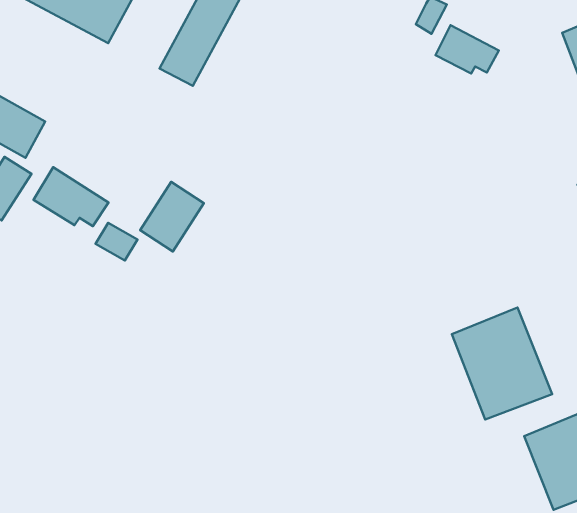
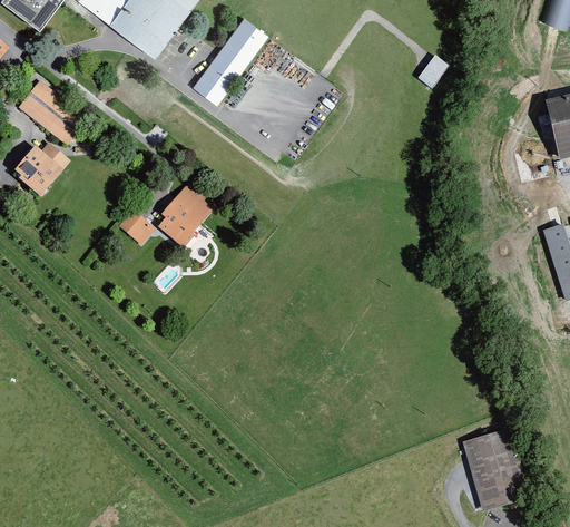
building: [436,25,499,73] -> none
building: [34,167,108,226] -> none
building: [452,307,552,420] -> none

